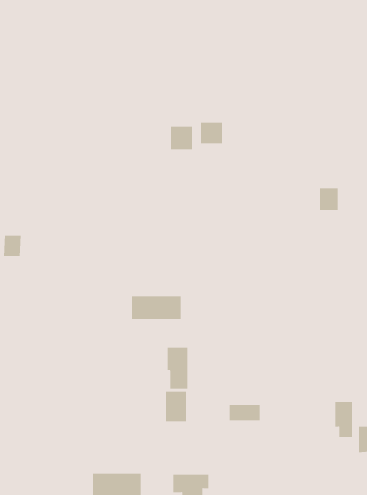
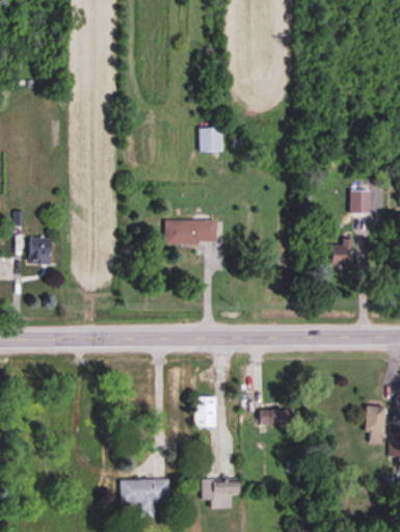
building: [201,122,223,144] -> none
building: none -> [331,239,352,265]
building: [131,296,182,320] -> [165,220,216,244]
building: [167,347,188,389] -> none

